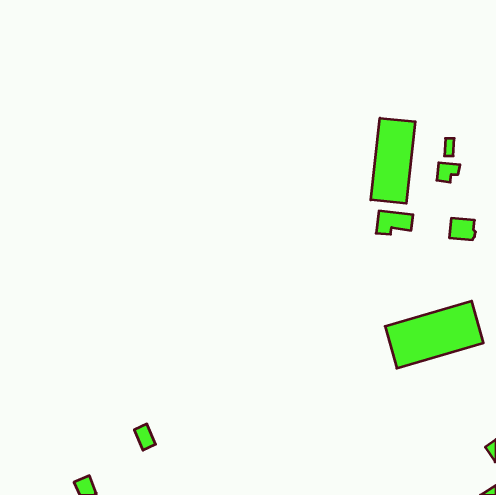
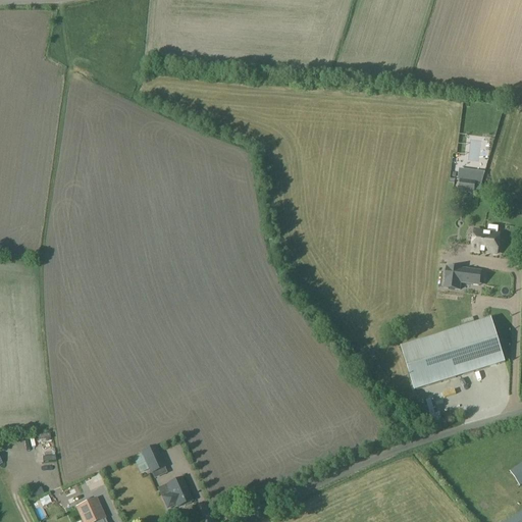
building: [371,118,415,203] -> none
building: [376,211,413,234] -> [441,267,480,292]
building: none -> [159,476,191,506]

